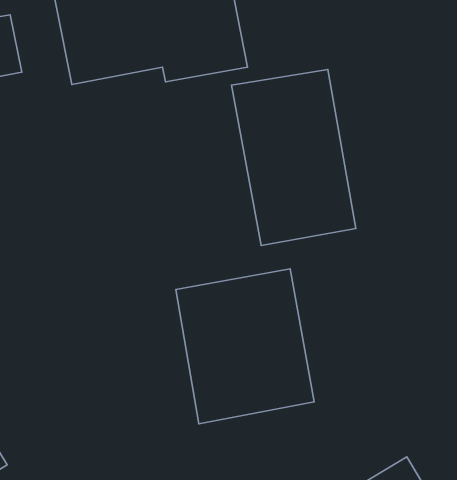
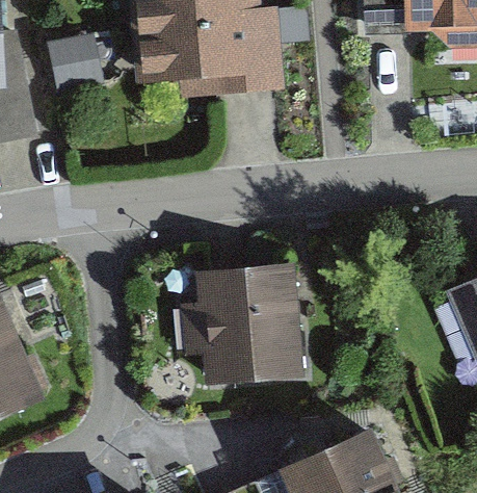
building: [232,69,356,245] -> none

